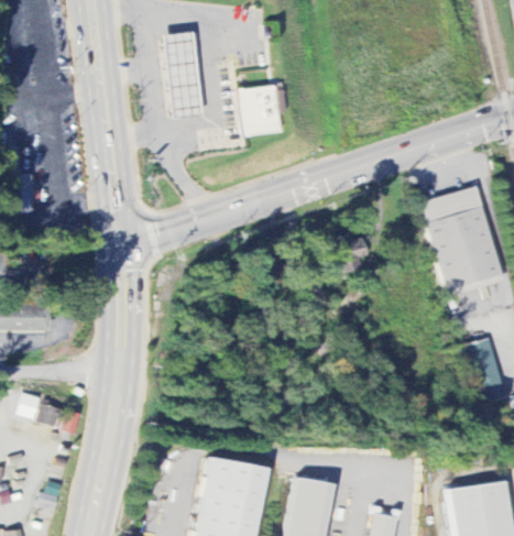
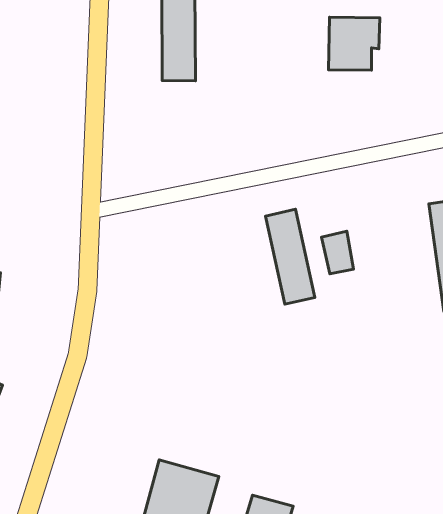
building: [238,85,285,136] -> [328,17,380,70]
building: none -> [265,209,315,304]

